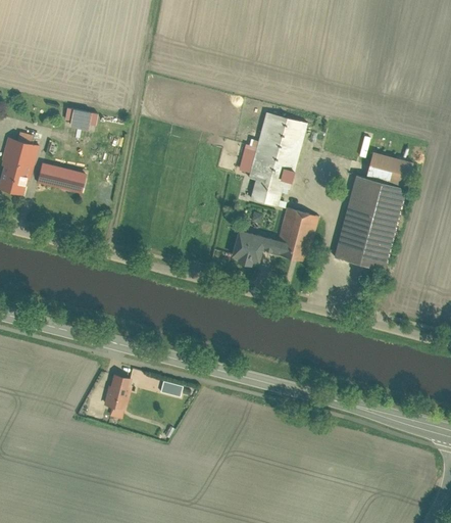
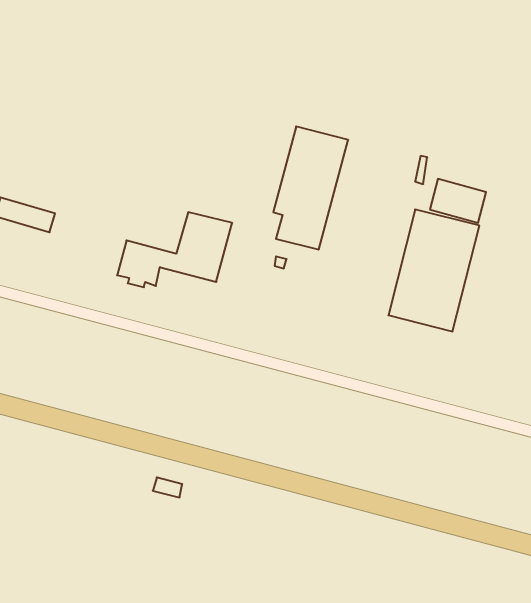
building: [66,107,96,130] -> none
building: [232,207,319,265] -> [117,212,232,287]
building: [104,372,132,417] -> none

